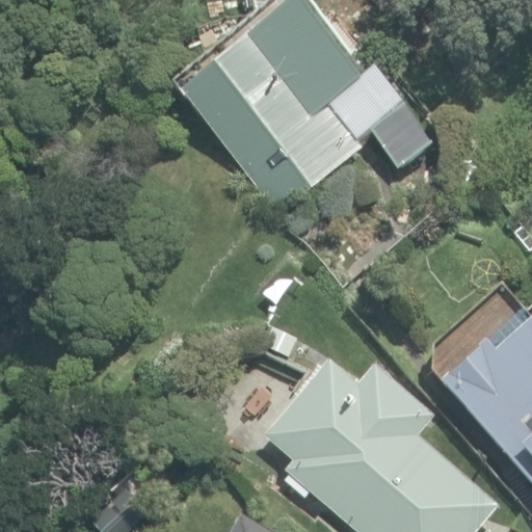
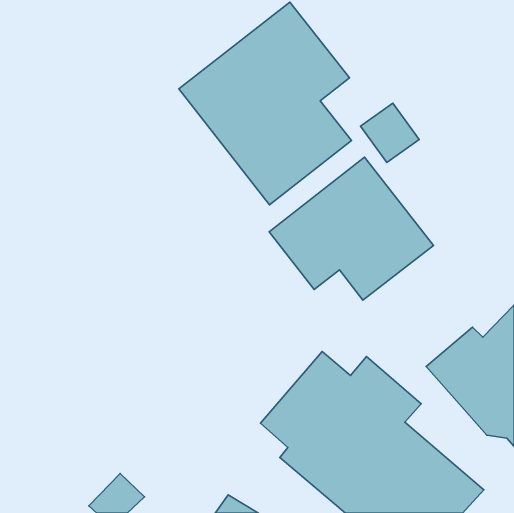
building: none -> [269,157,434,300]

